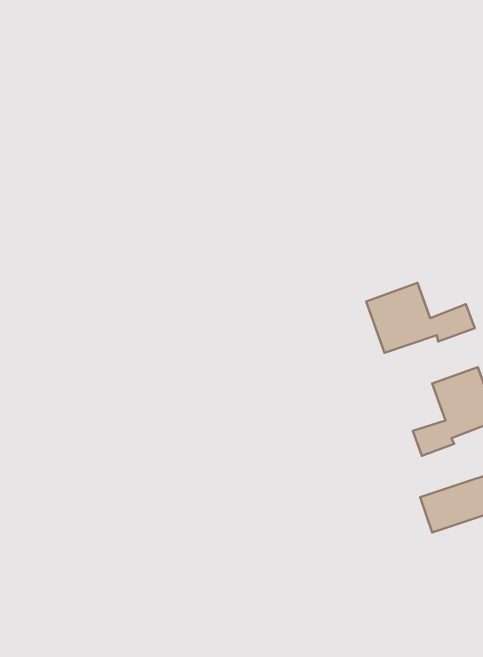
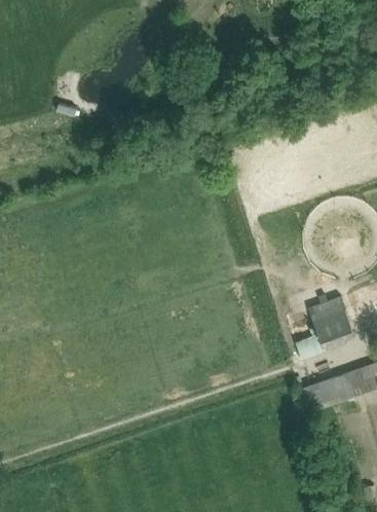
building: [366,283,475,353] -> none

